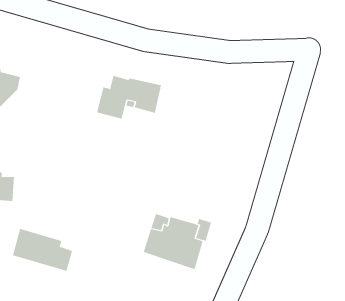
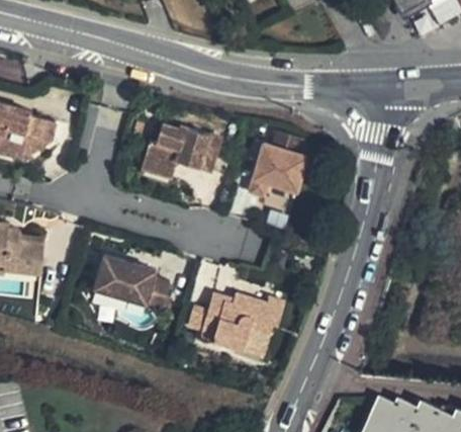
building: none -> [249,134,306,199]
building: [12,228,73,271] -> [93,255,167,308]

